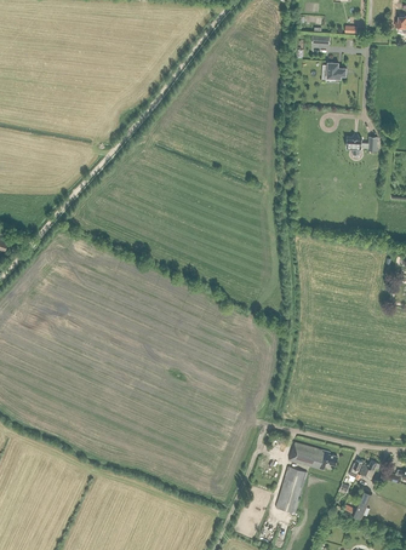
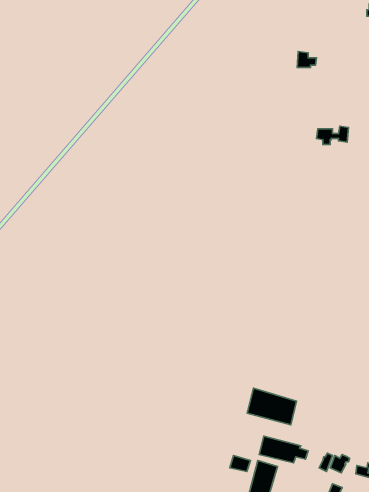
building: none -> [247,388,296,425]

